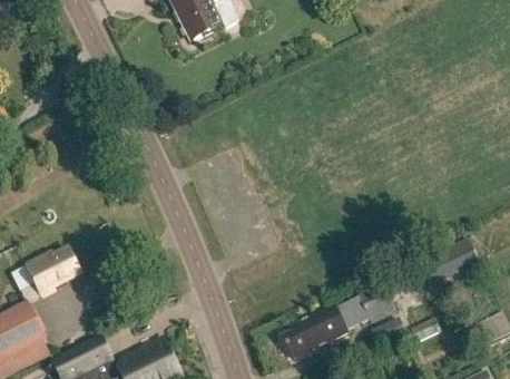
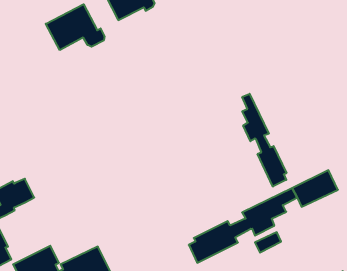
building: none -> [46,4,104,50]
building: none -> [242,94,286,187]

